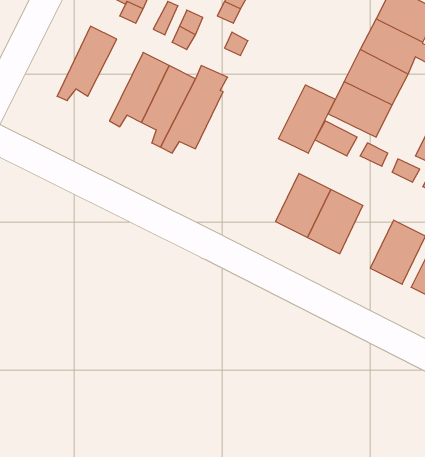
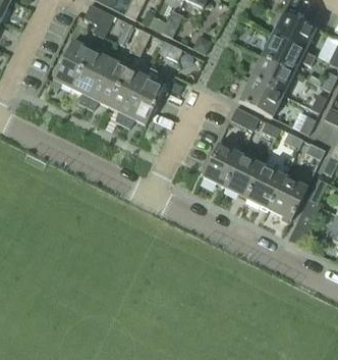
building: none -> [70,48,109,105]
building: [278,85,335,153] -> none
building: none -> [246,164,284,208]

